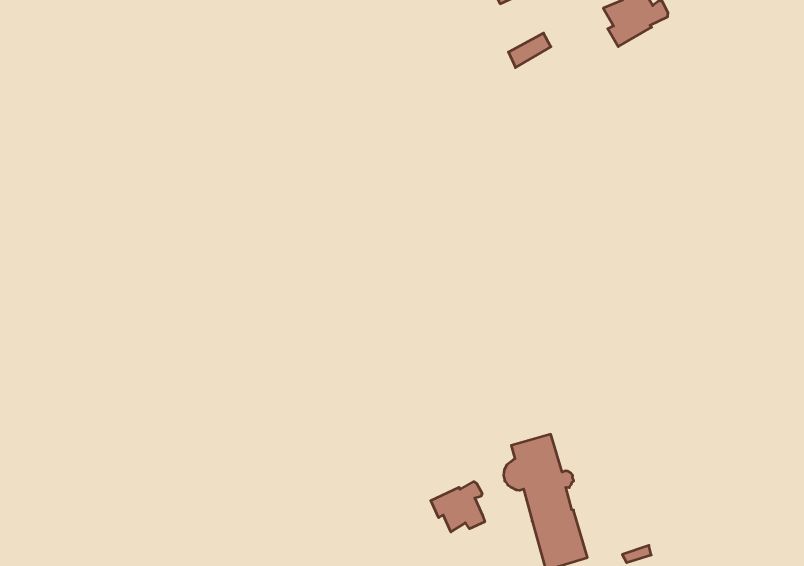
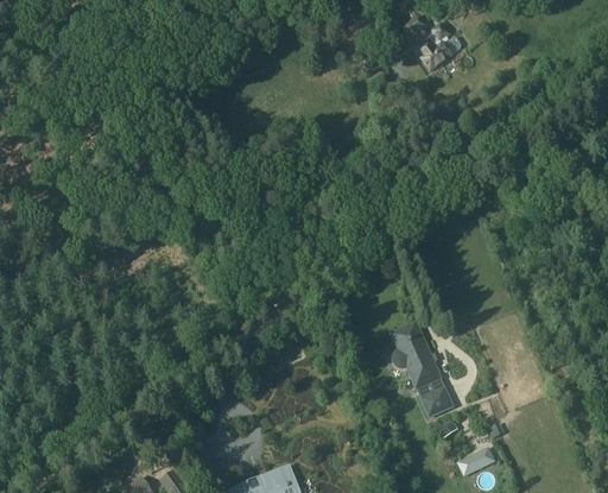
building: [431,482,485,532] -> none

